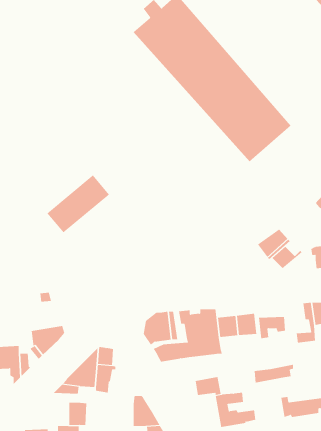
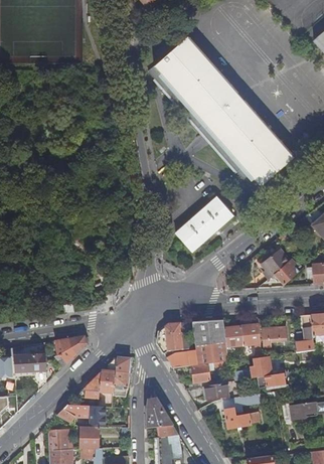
building: [46,174,110,233] -> [176,193,233,247]
building: none -> [233,356,273,380]
building: none -> [191,361,224,382]
building: none -> [57,404,90,422]

